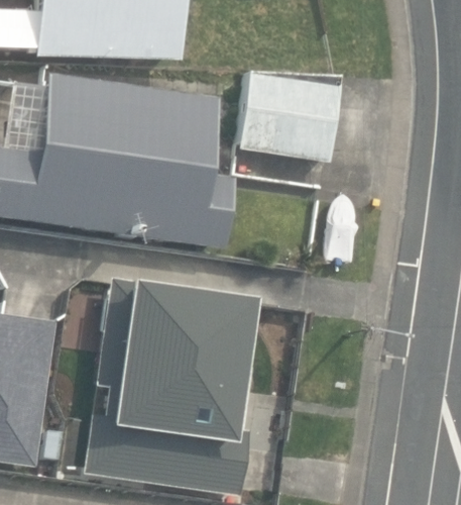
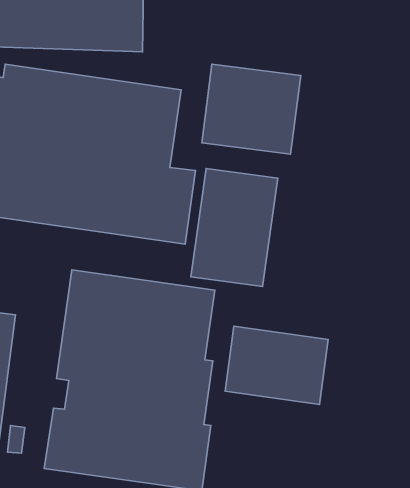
building: none -> [191,168,278,287]
building: none -> [225,326,328,404]

